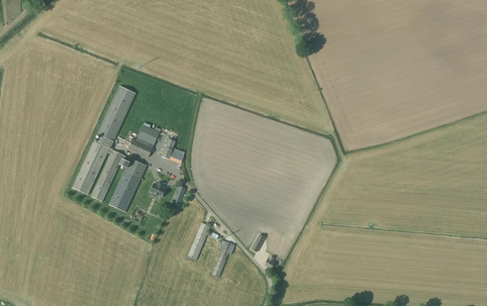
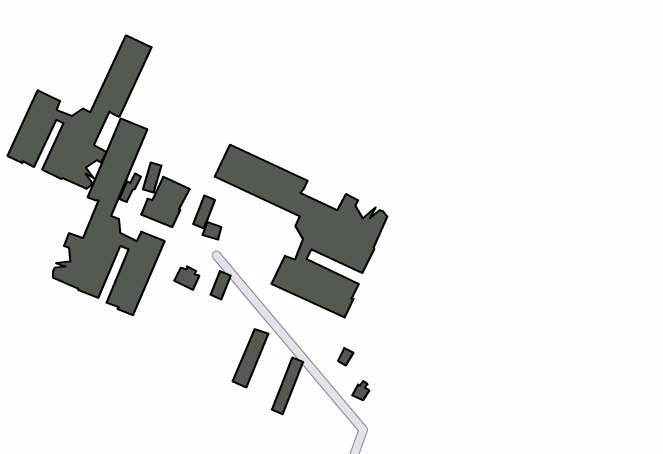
building: none -> [8,35,152,189]
building: none -> [215,145,387,318]

